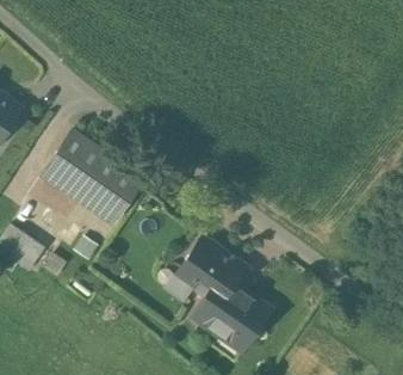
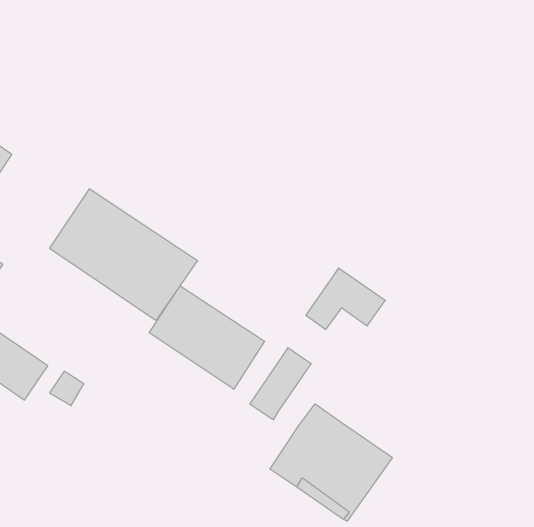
building: none -> [149,286,264,389]
building: [196,248,248,289] -> [306,268,385,329]

